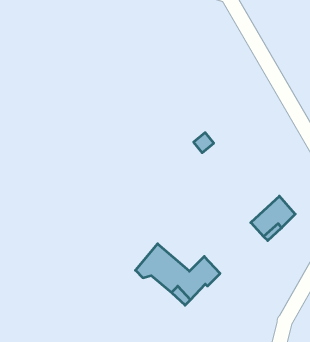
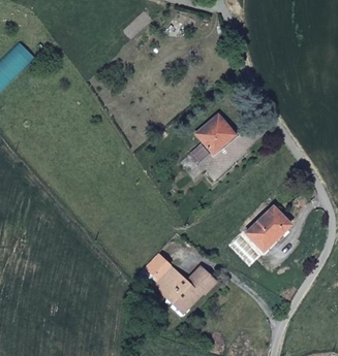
building: none -> [196,115,234,153]

